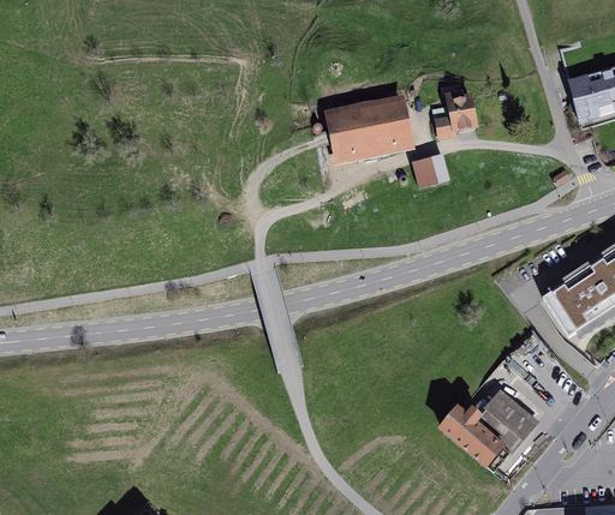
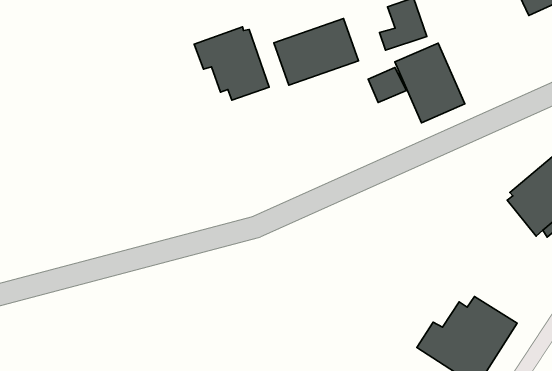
building: none -> [194,27,269,100]
building: none -> [395,43,465,123]

